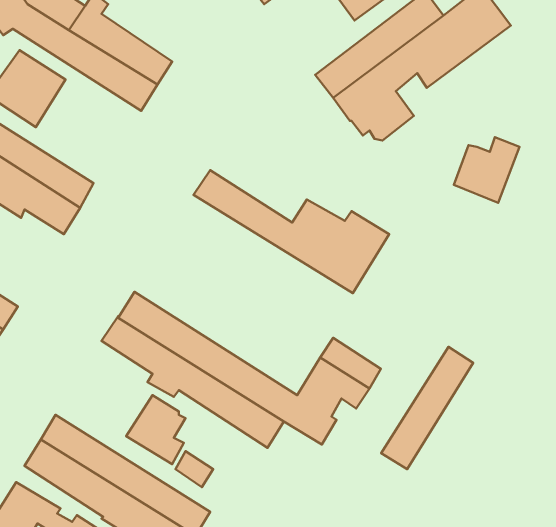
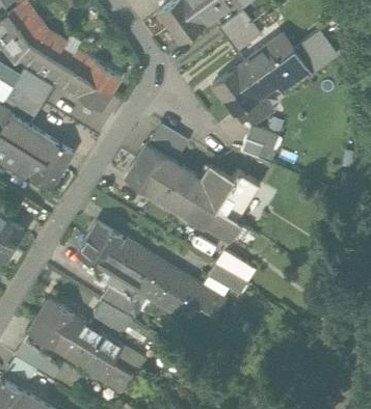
building: none -> [150,124,187,156]
building: [454,137,520,203] -> [240,121,282,163]
building: none -> [126,162,241,243]
building: [381,347,473,469] -> none

